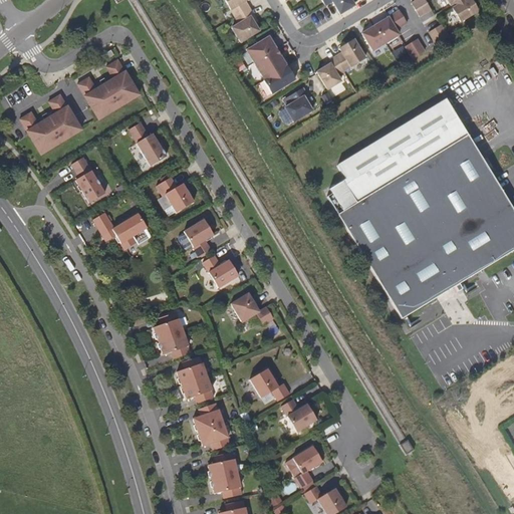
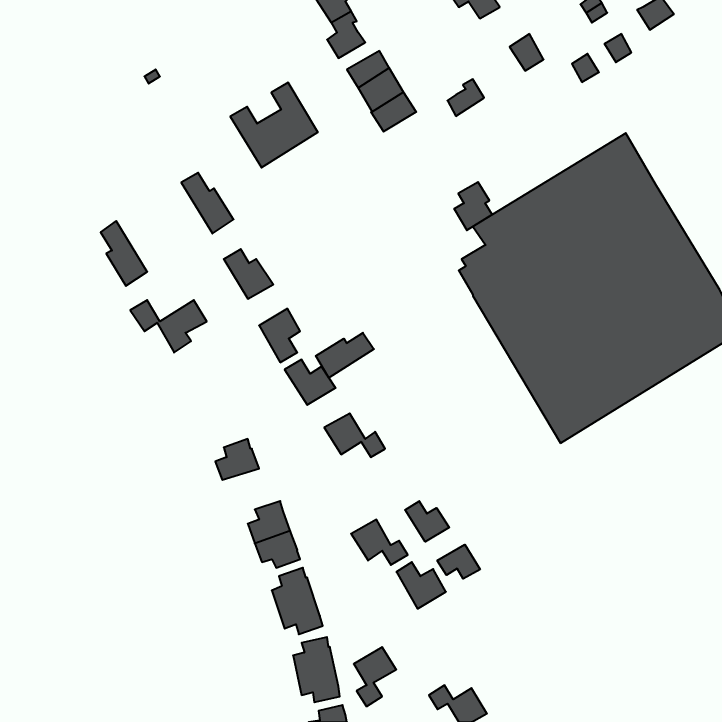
building: [376,10,408,42] -> none
building: [336,39,365,69] -> none
building: [77,59,140,119] -> [230,83,318,168]
building: [286,87,313,121] -> [454,182,492,230]
building: [20,94,82,154] -> none
building: none -> [316,333,374,378]
building: [159,332,191,358] -> none
building: none -> [405,501,449,542]
building: none -> [437,545,480,579]
building: [293,446,323,488] -> [354,647,396,706]

